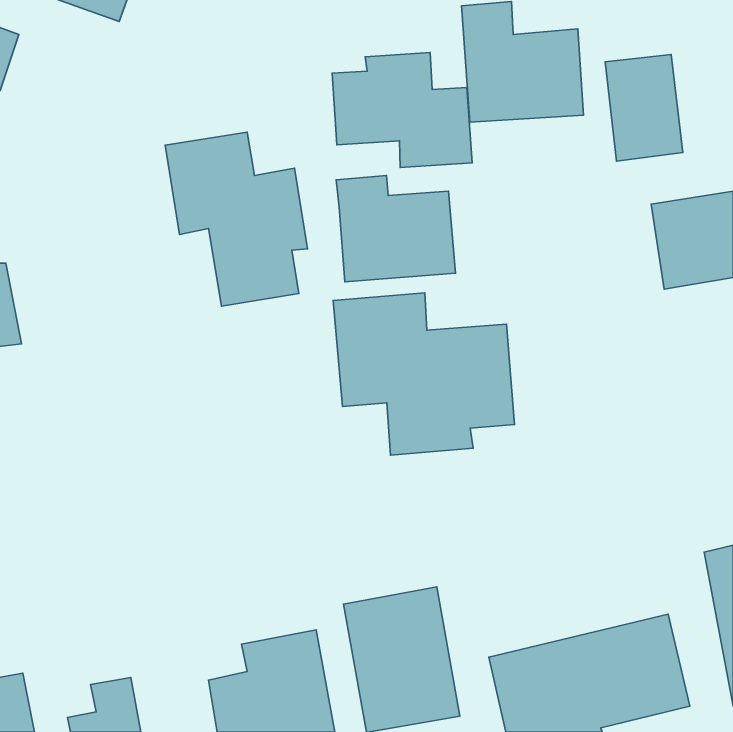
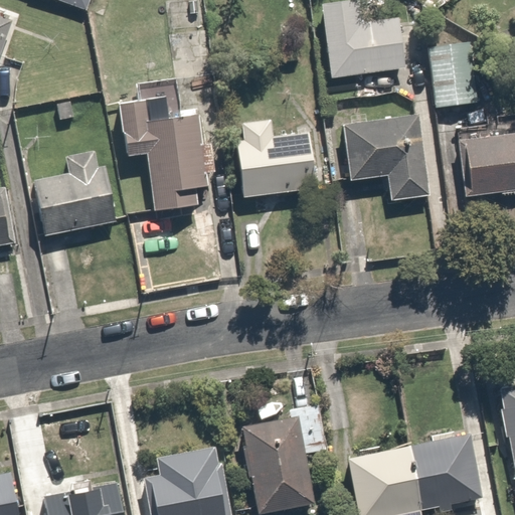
building: [332,52,472,168] -> none
building: none -> [338,117,435,200]
building: none -> [30,154,120,233]
building: [333,293,515,455] -> none

